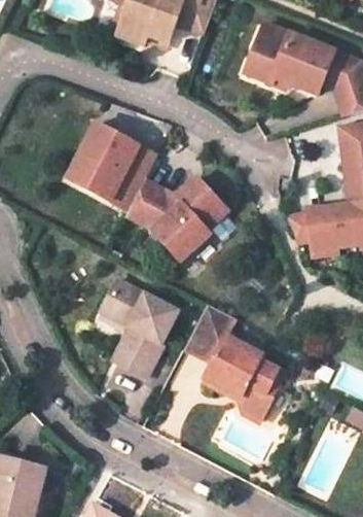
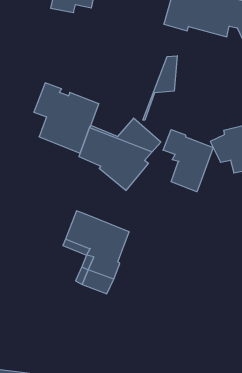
building: none -> [143,56,177,120]
building: none -> [163,130,213,192]
building: [181,304,281,419] -> none

